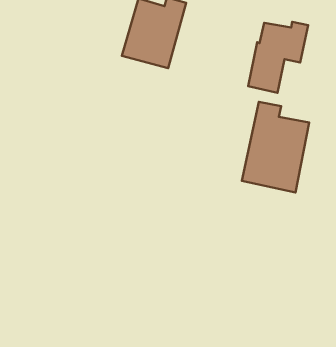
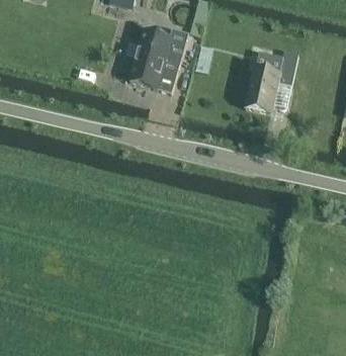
building: [242,102,309,193] -> none

